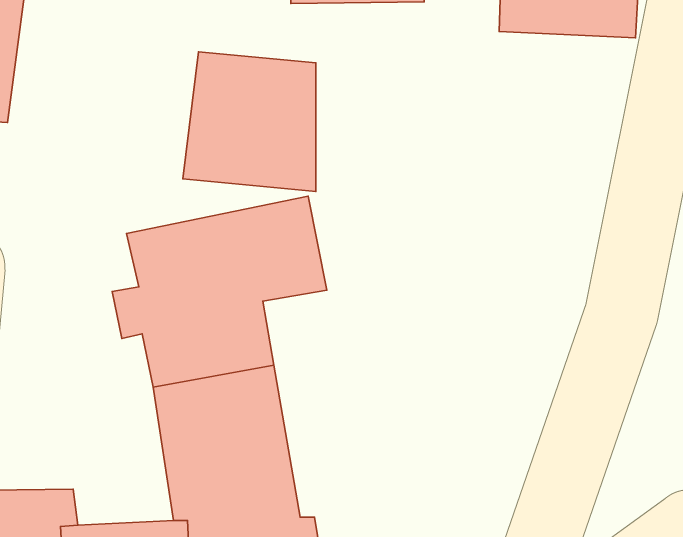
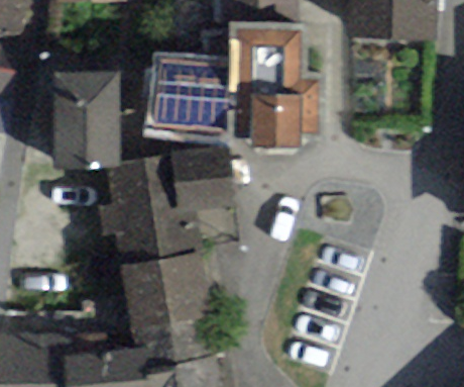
building: none -> [225,23,317,153]
building: none -> [48,70,115,162]

